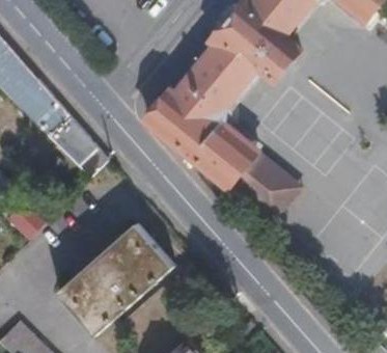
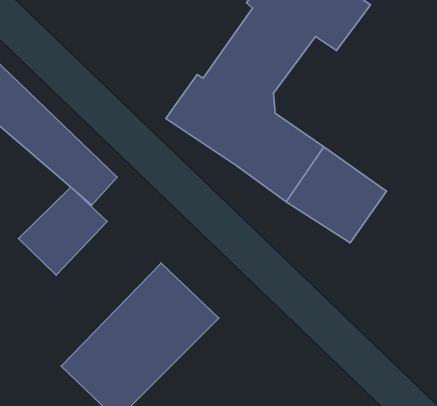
building: none -> [18,187,107,275]

